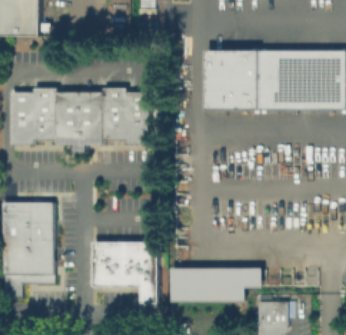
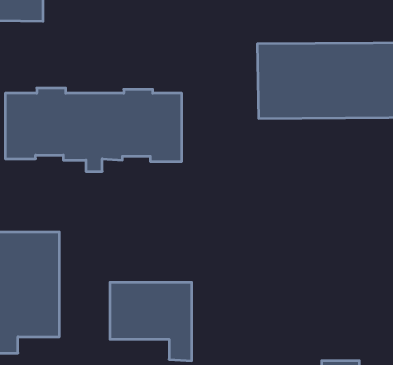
building: [175,267,270,302] -> none

